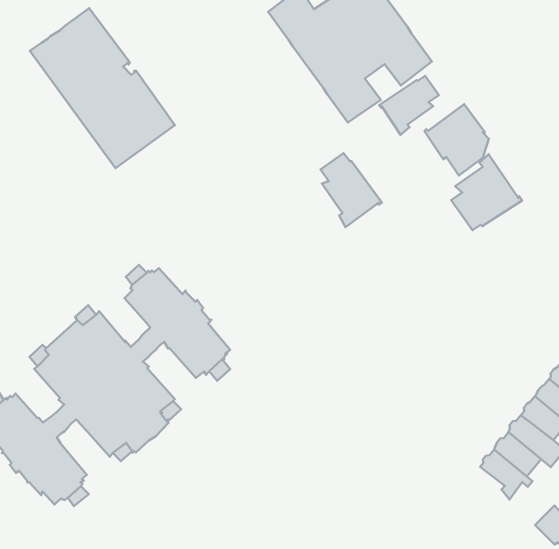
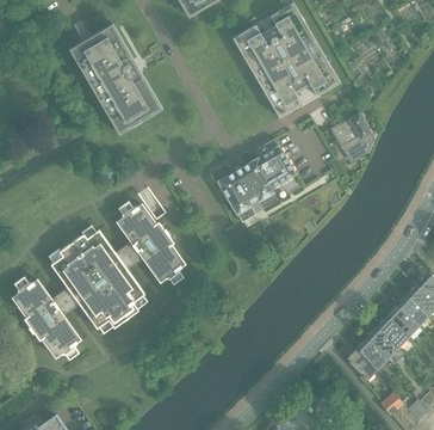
building: [379,76,439,135] -> none
building: [451,154,522,230] -> none
building: none -> [218,158,273,222]

